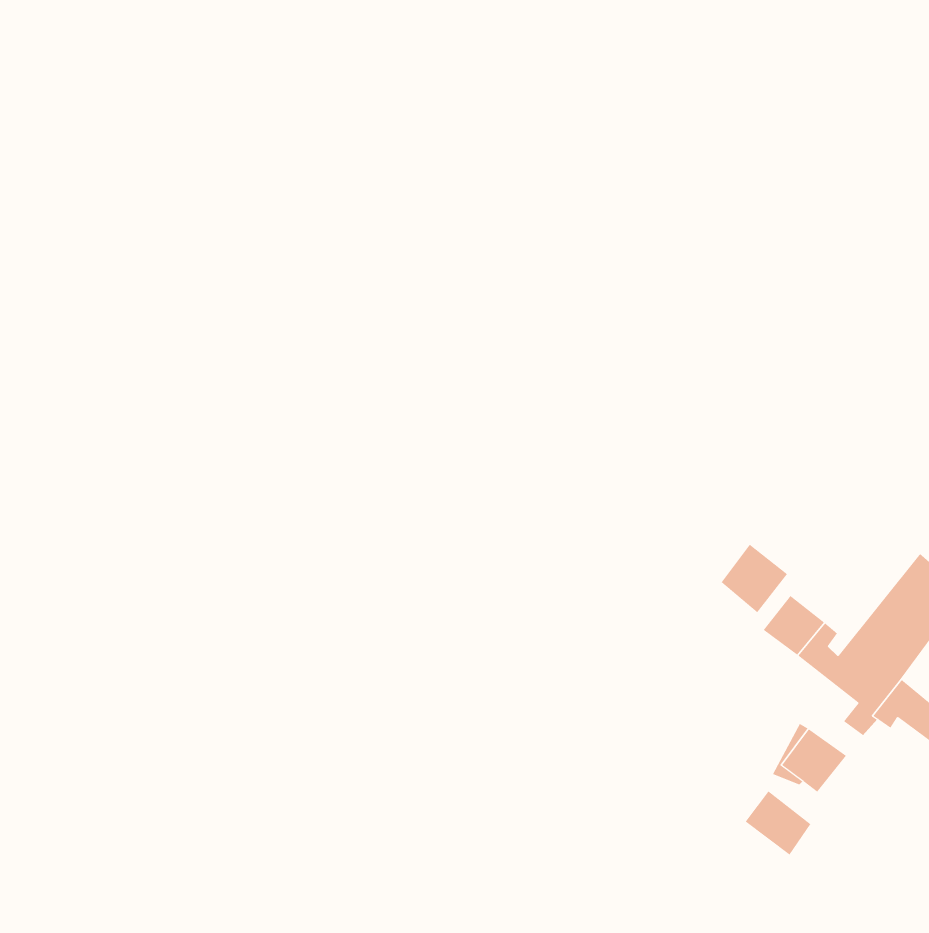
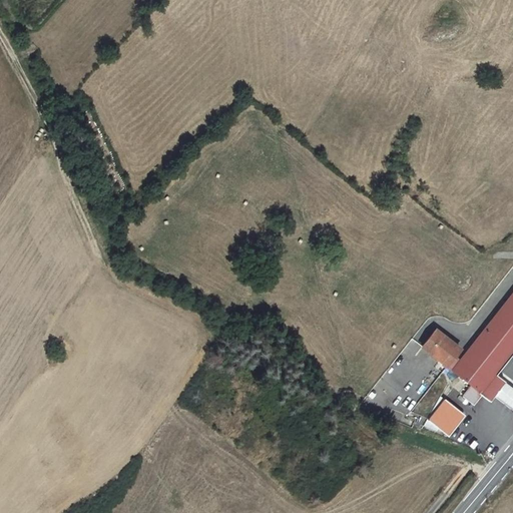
building: [721,544,788,613] -> none
building: [745,790,811,855] -> none

